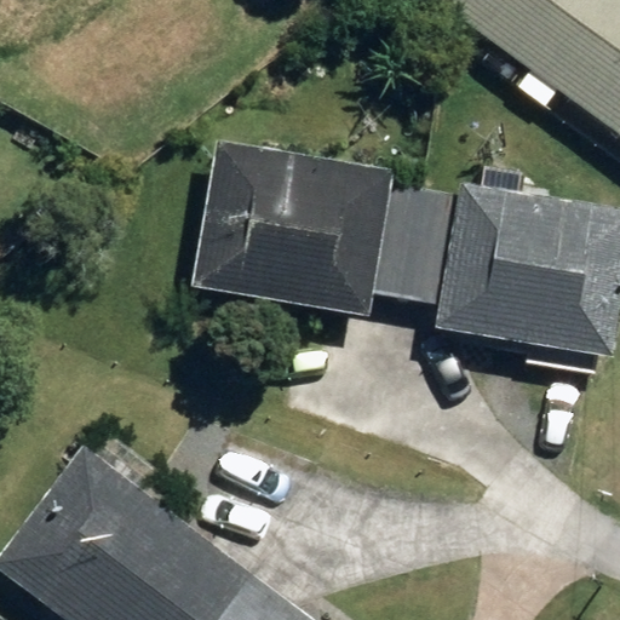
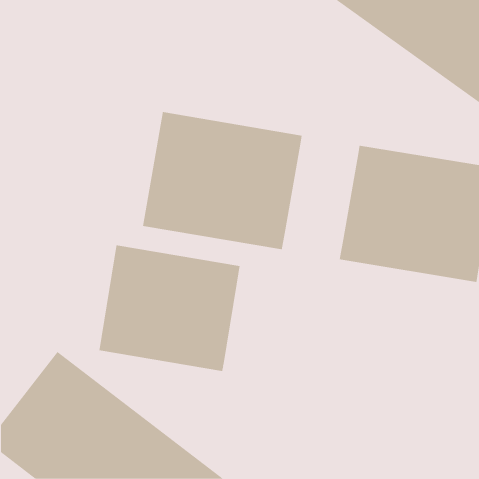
building: [374,180,465,304] -> none
building: none -> [99,245,240,372]

